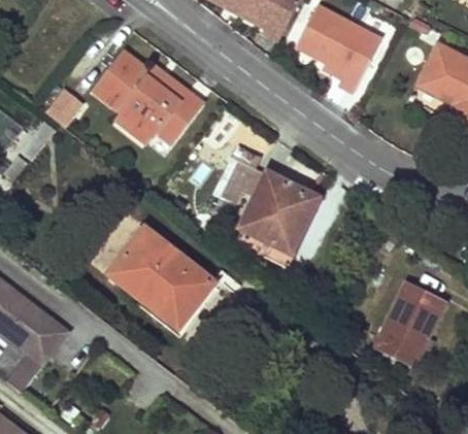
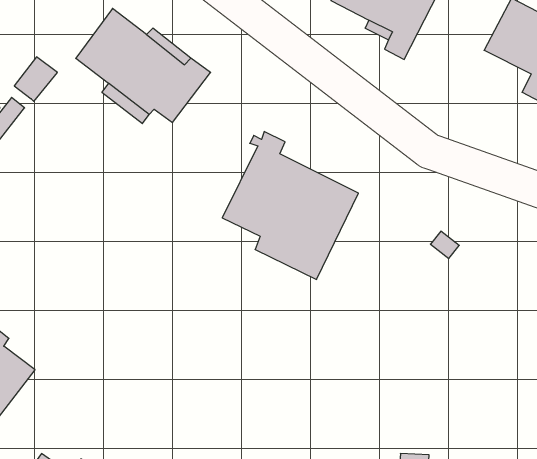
building: [109,227,213,326] -> none
building: [375,282,443,364] -> none

